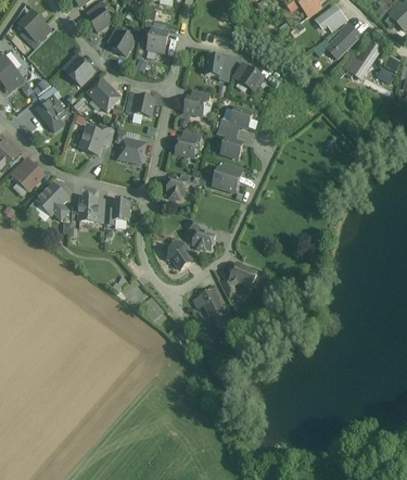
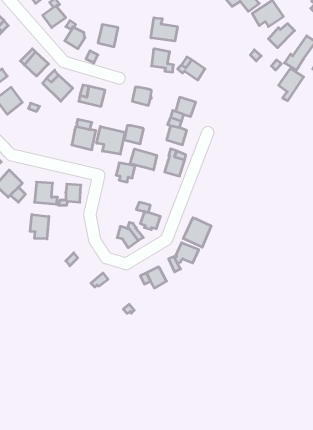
building: none -> [151,18,177,41]
building: none -> [279,68,304,101]
building: [79,124,110,153] -> none
building: none -> [97,126,125,154]
building: none -> [130,149,157,170]
building: none -> [30,214,49,239]
building: none -> [183,218,211,247]

